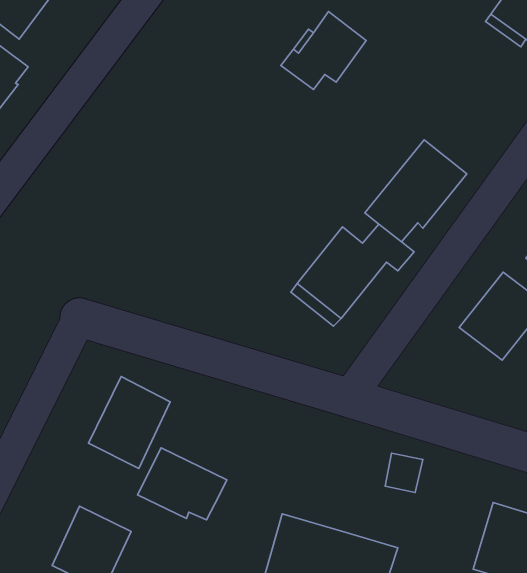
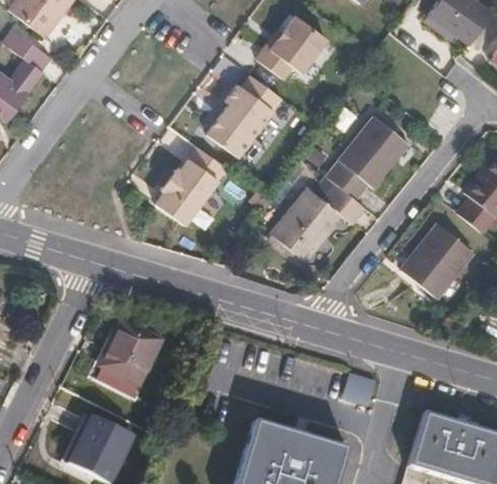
building: none -> [206,72,282,155]
building: none -> [155,145,228,224]
building: [138,448,227,520] -> none

